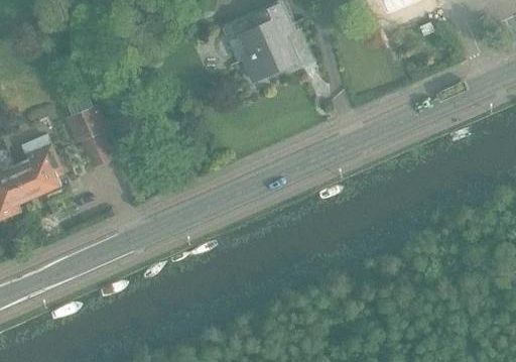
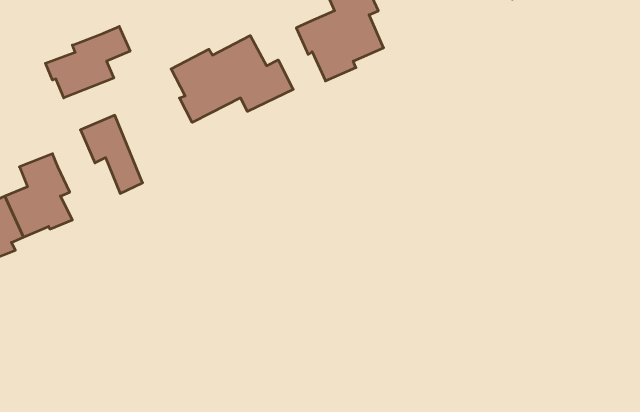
building: none -> [45,26,130,98]
building: none -> [171,36,293,122]

